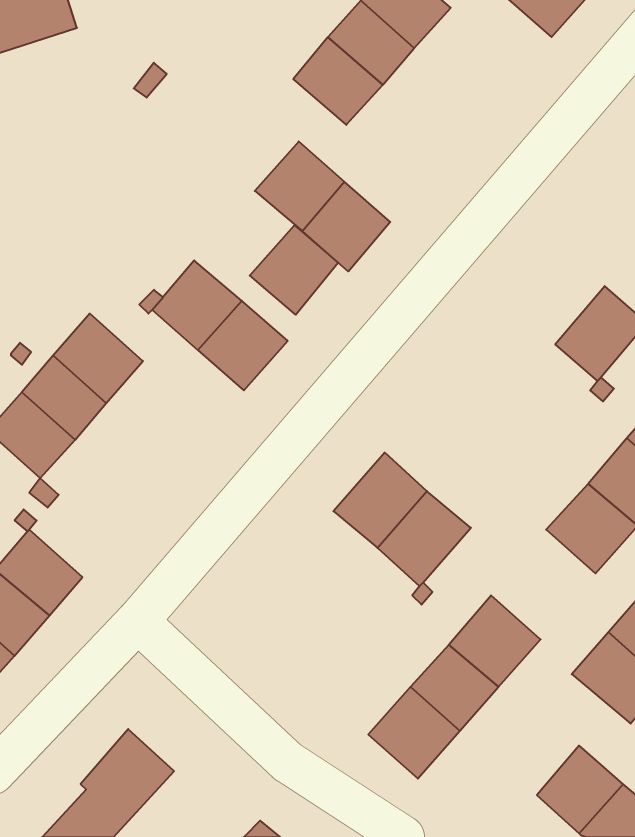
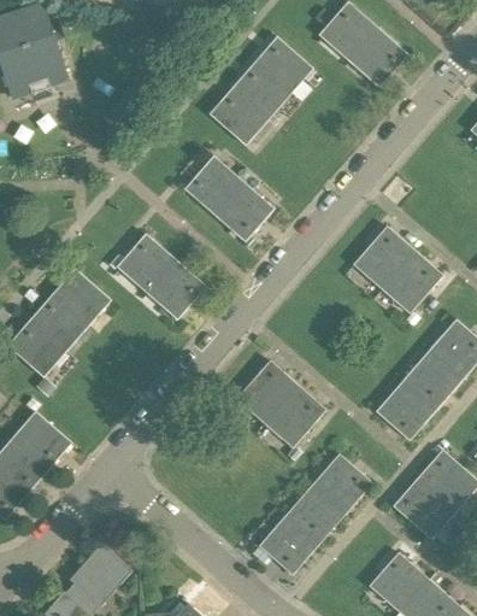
building: [250,225,338,315] -> none
building: none -> [353,227,414,289]

